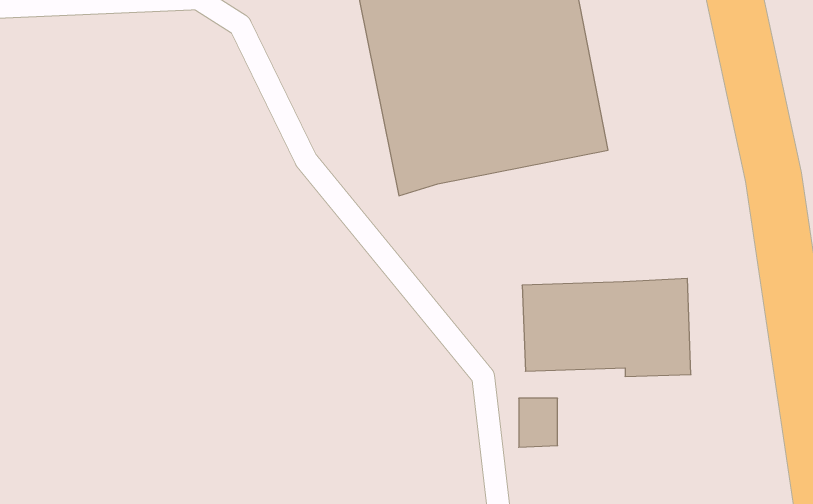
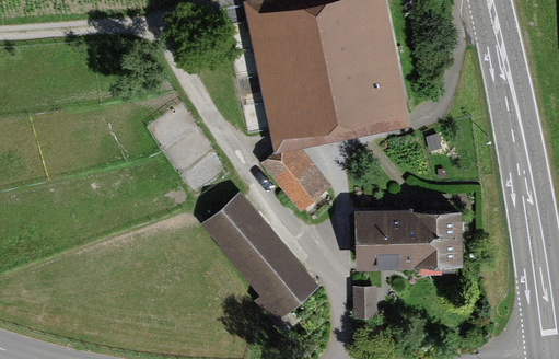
building: none -> [260,148,333,213]
building: none -> [200,192,321,322]

